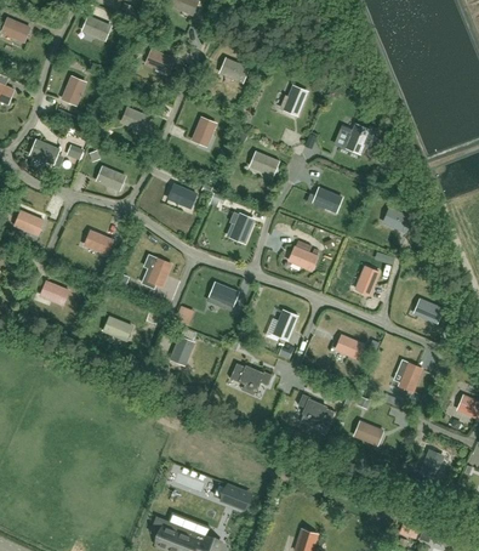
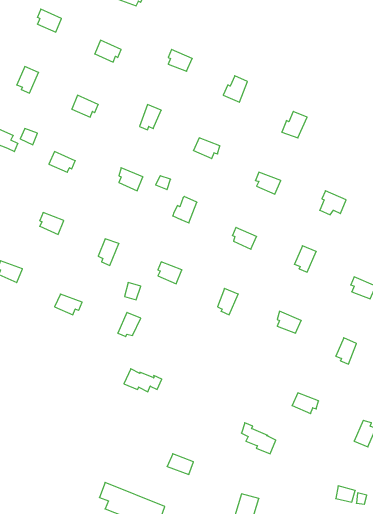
building: [230,363,270,387] -> [124,369,162,392]
building: [297,393,333,426] -> [241,423,276,454]

